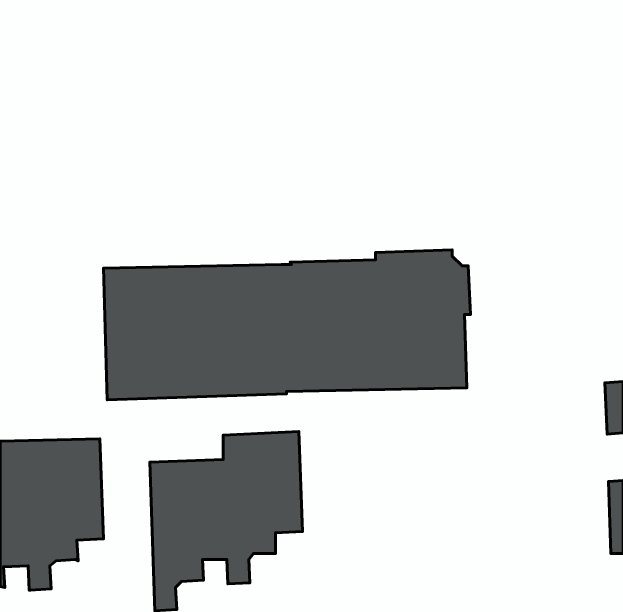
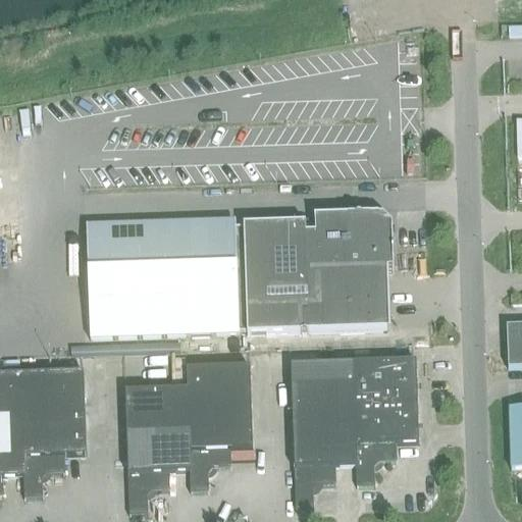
building: none -> [291,356,419,506]

